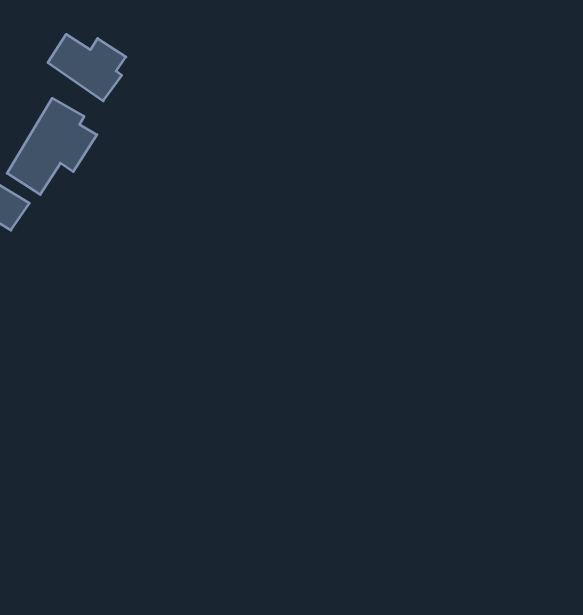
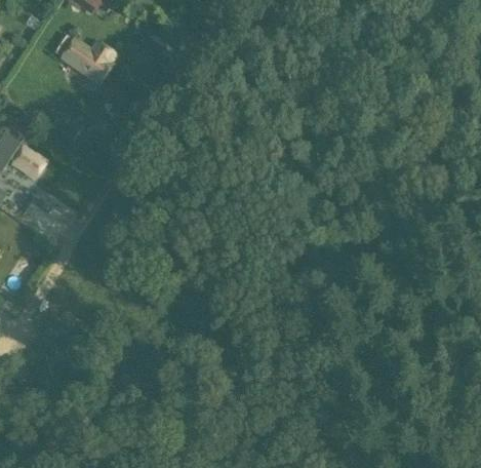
building: [7,98,97,195] -> none

